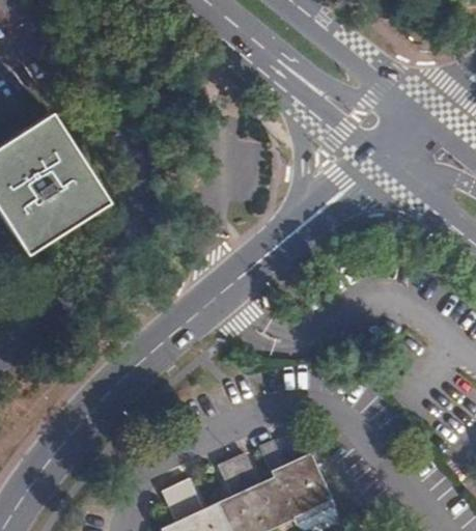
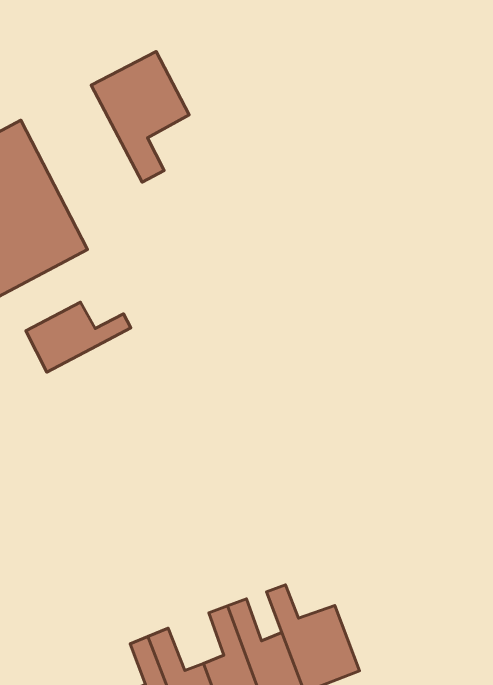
building: none -> [91,51,189,182]
building: none -> [26,302,131,372]

